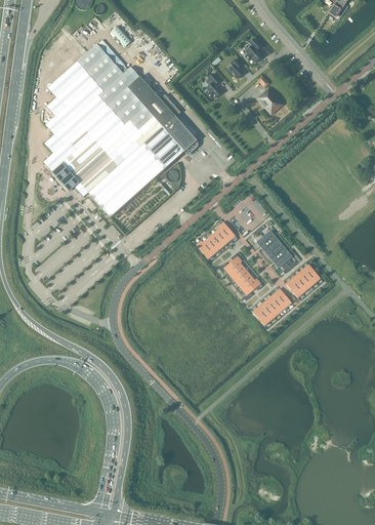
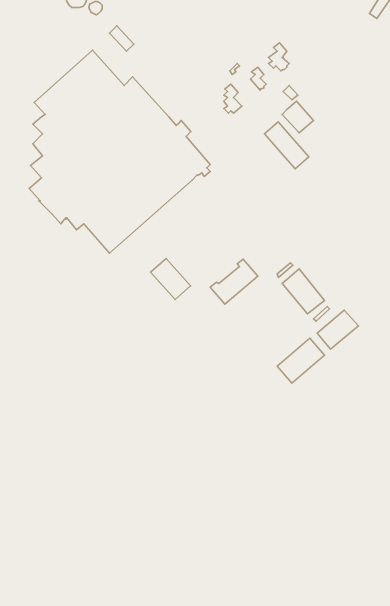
building: none -> [265,122,309,169]
building: none -> [151,258,191,300]
building: [218,252,262,299] -> none

